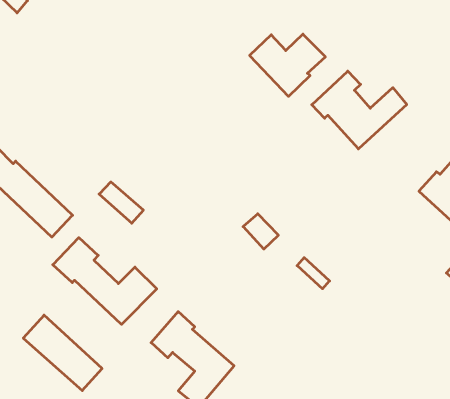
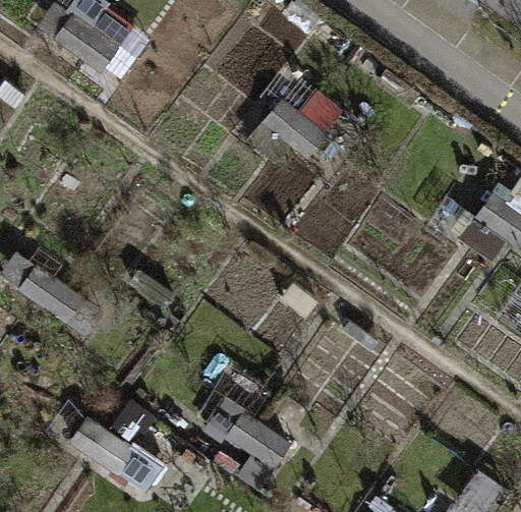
building: [312,71,407,149] -> none
building: [53,238,157,324] -> none

